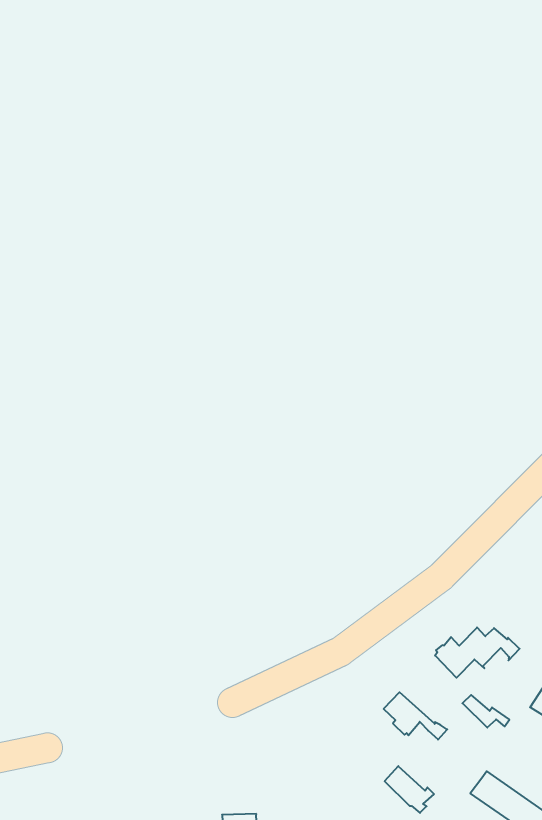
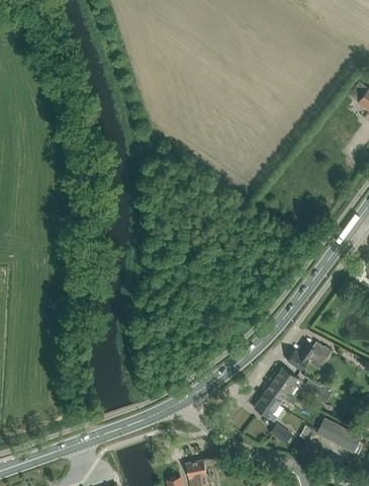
building: none -> [271,368,302,398]
building: none -> [254,394,283,422]

